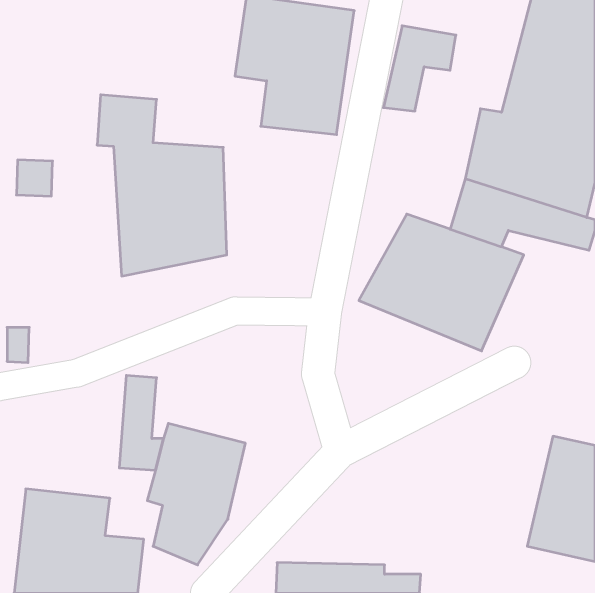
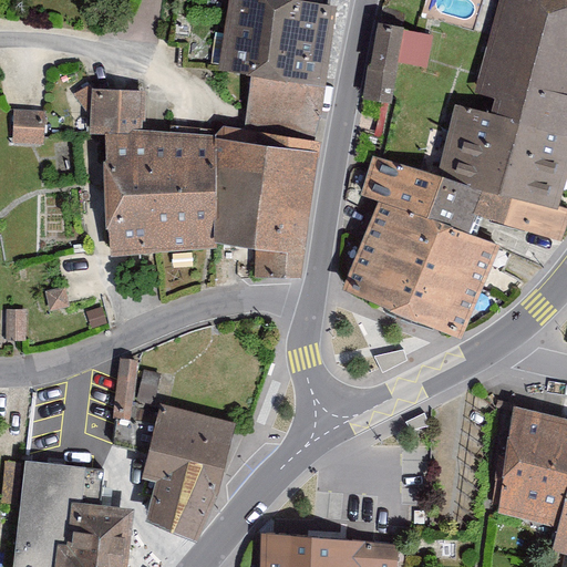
building: none -> [212,140,317,274]
building: none -> [355,148,441,217]
building: [16,160,53,196] -> [12,110,47,144]

